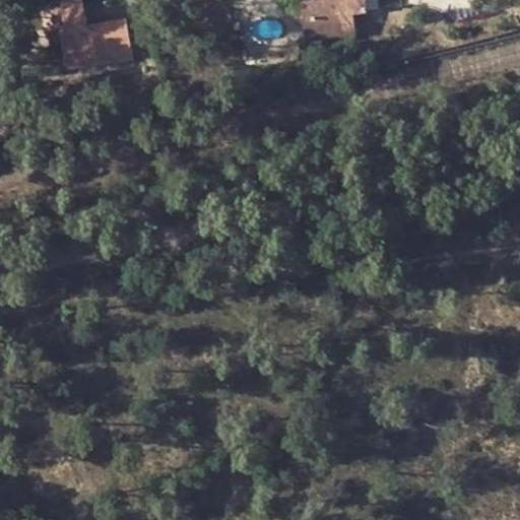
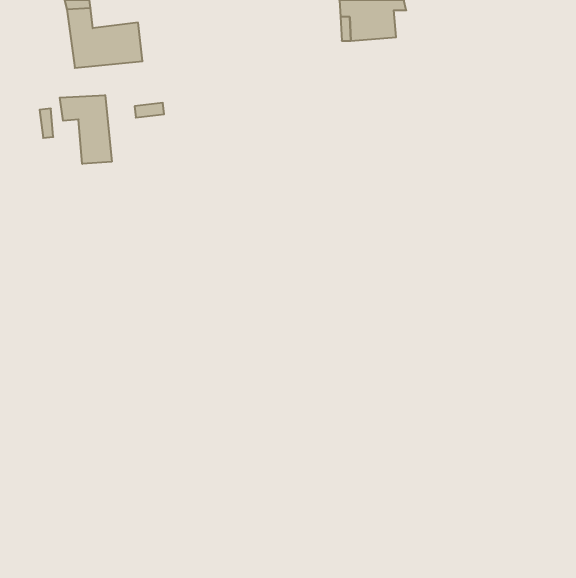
building: none -> [60,95,112,164]

